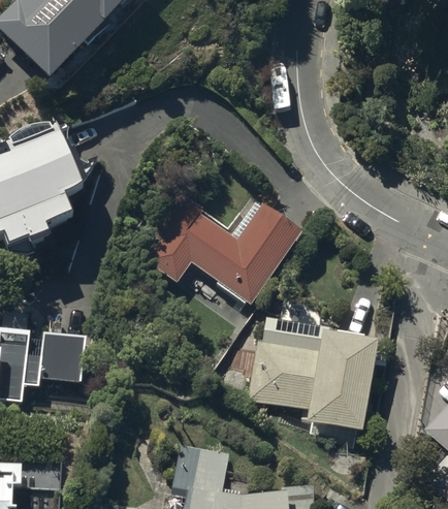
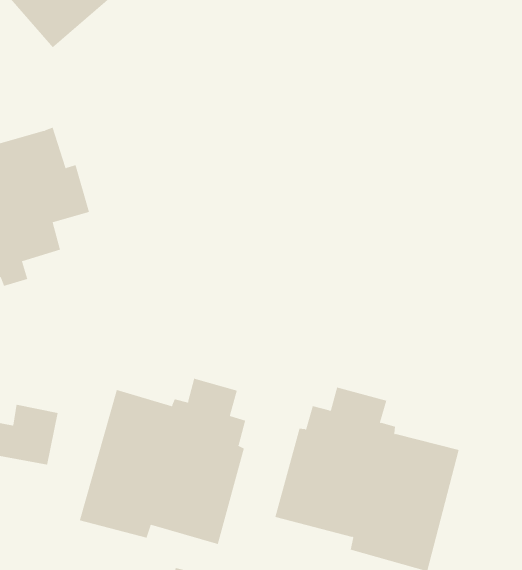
building: [143,190,300,303] -> none
building: none -> [79,378,246,545]

